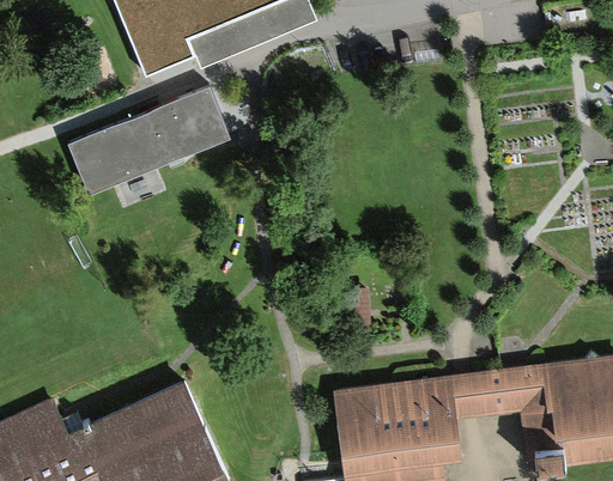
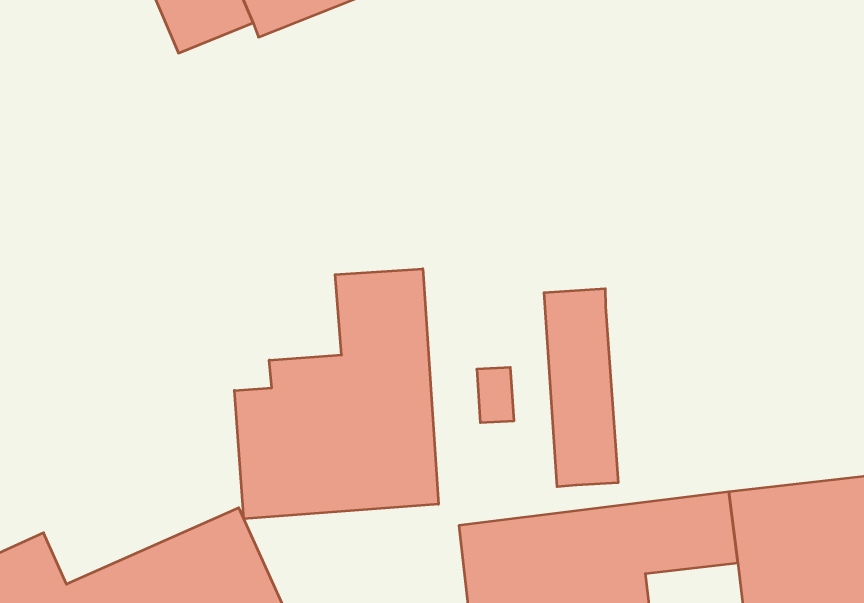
building: [68,80,232,191] -> none
building: none -> [234,269,438,519]
building: none -> [544,289,618,487]

